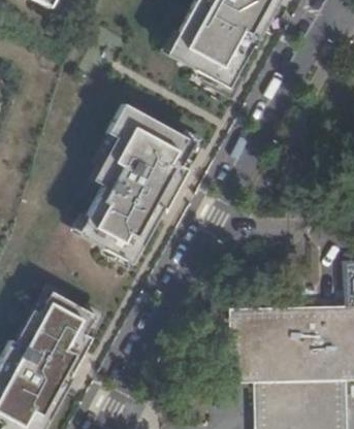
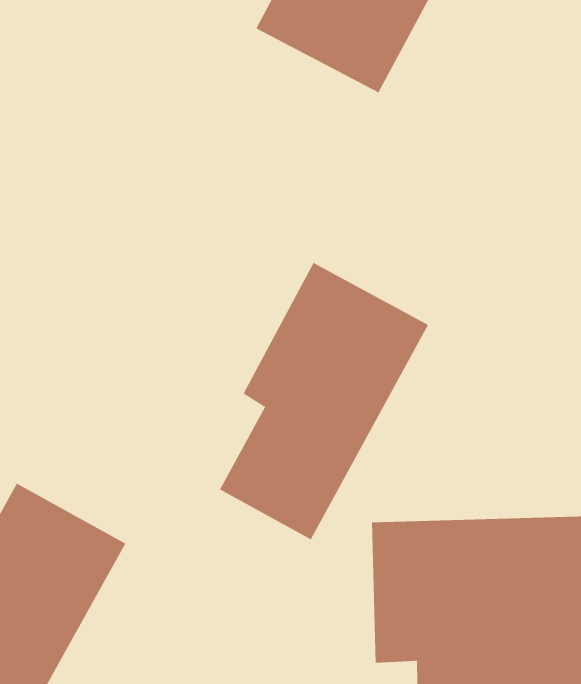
building: [83,106,193,253] -> [219,262,429,540]

